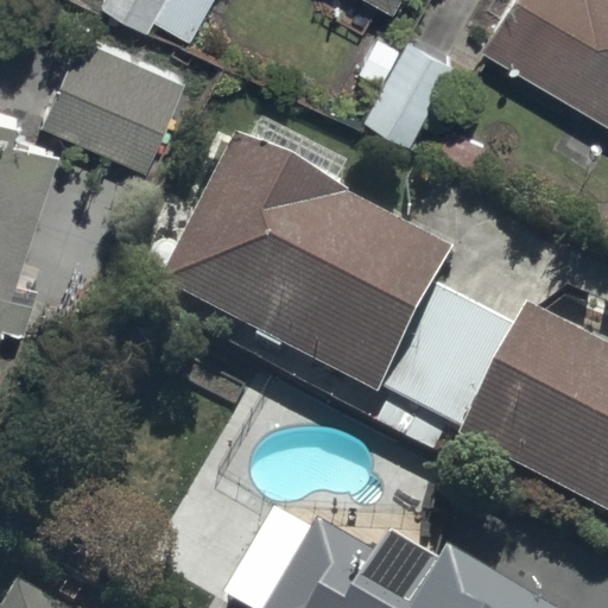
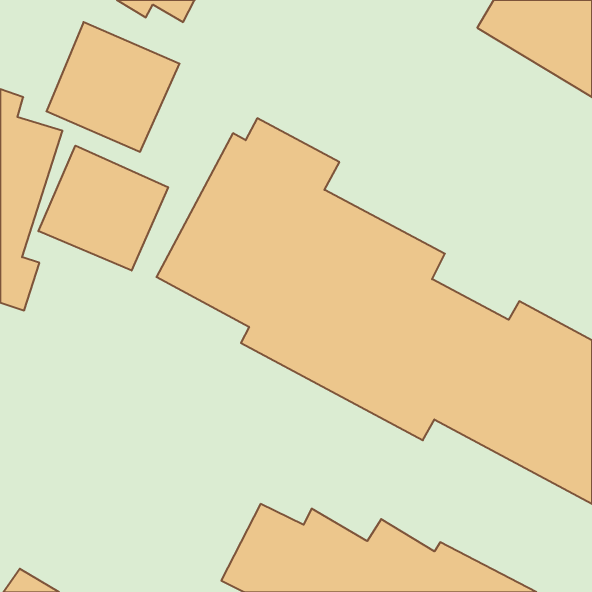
building: none -> [38,146,168,271]

